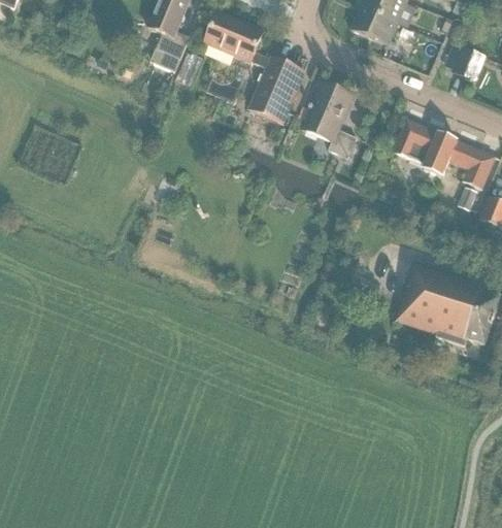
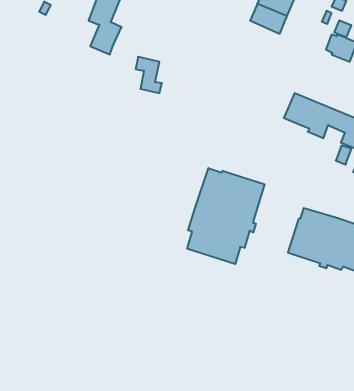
building: [205,12,305,123] -> none
building: [303,84,358,157] -> none
building: none -> [187,168,265,264]

